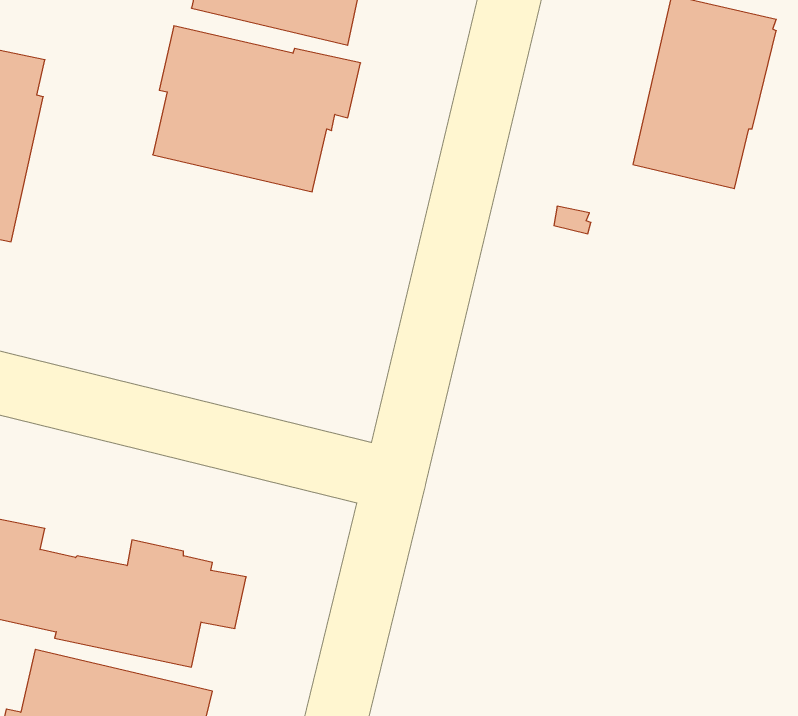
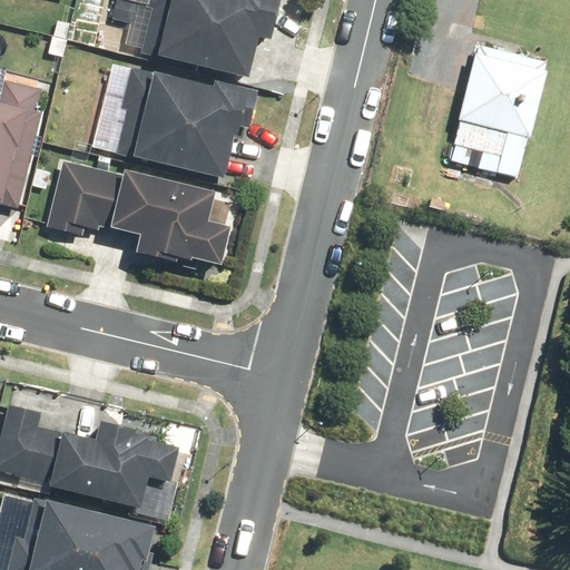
building: none -> [46,160,232,265]

